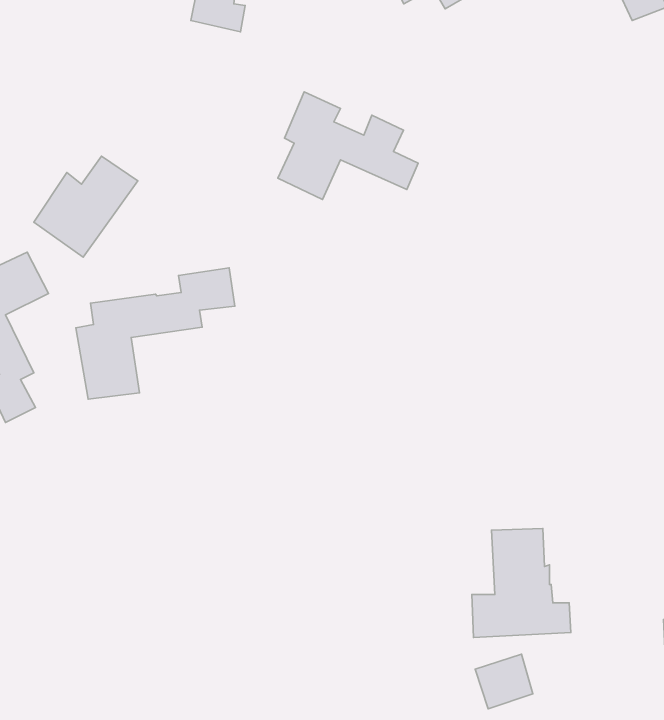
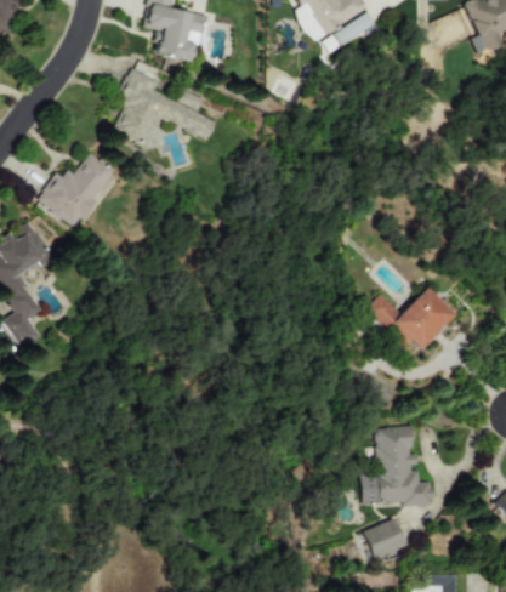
building: [278,92,418,200] -> [114,68,217,147]
building: [76,268,235,399] -> none
building: none -> [368,286,454,353]

